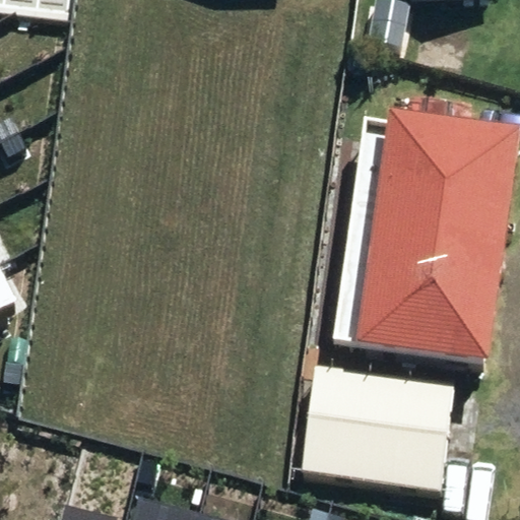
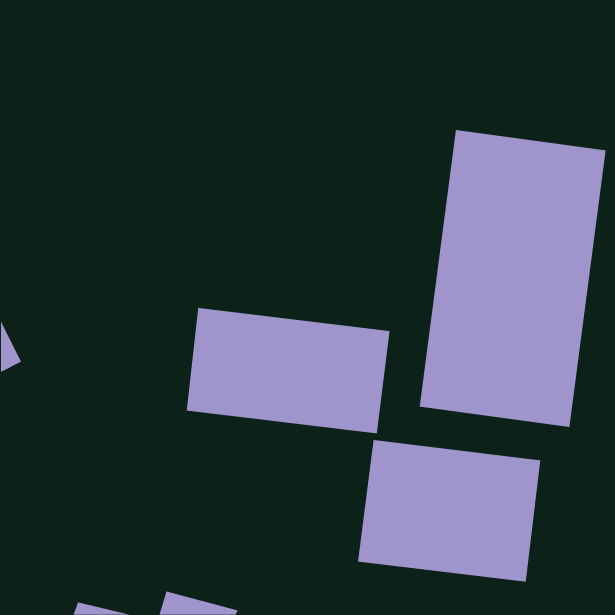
building: none -> [186,307,390,434]

